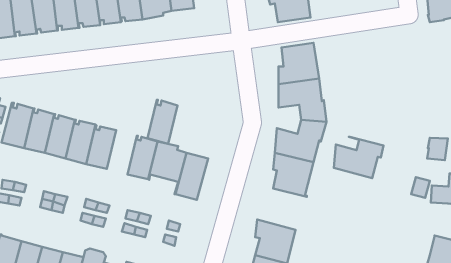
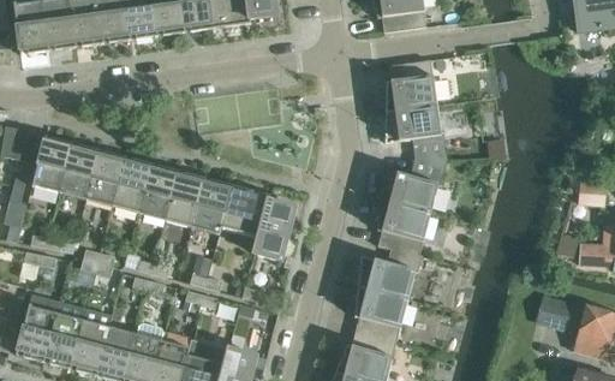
building: [147,100,177,144] -> [166,171,204,227]
building: [334,137,384,178] -> [358,245,422,298]
building: none -> [541,296,585,331]

